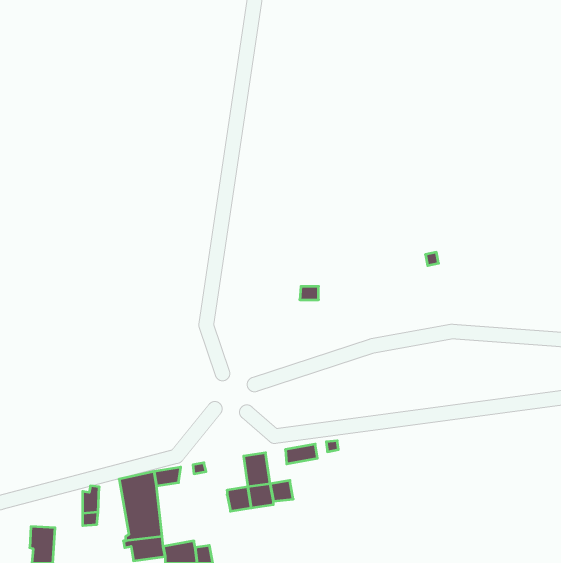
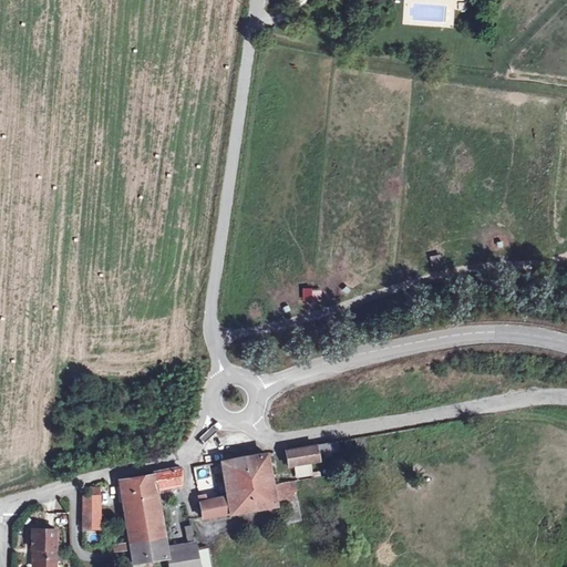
building: none -> [223,458,249,493]
building: none -> [198,496,231,519]

